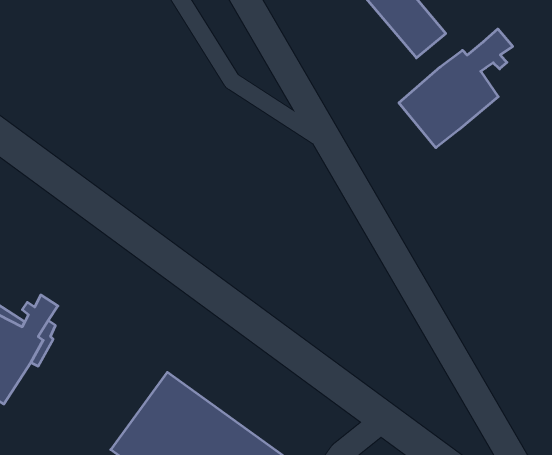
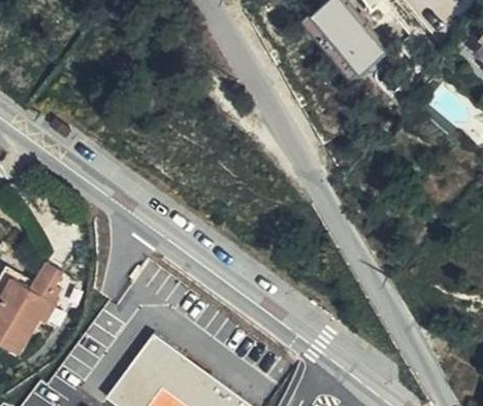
building: [399,29,513,148] -> none

